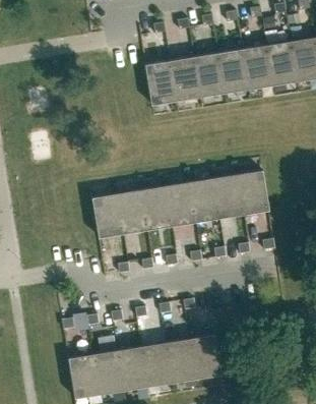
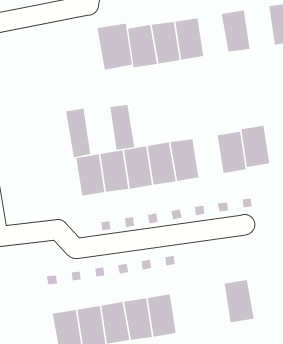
building: [266,40,297,84] -> none
building: [218,48,249,92] -> none
building: none -> [97,23,132,70]
building: none -> [110,104,135,151]
building: none -> [66,108,91,158]
building: [213,173,244,217] -> [240,125,270,168]
building: [190,333,222,378] -> [224,280,254,323]

